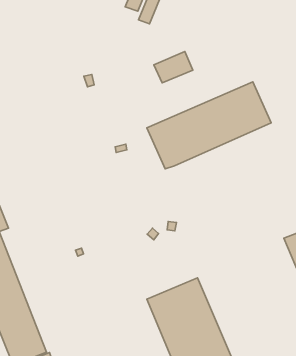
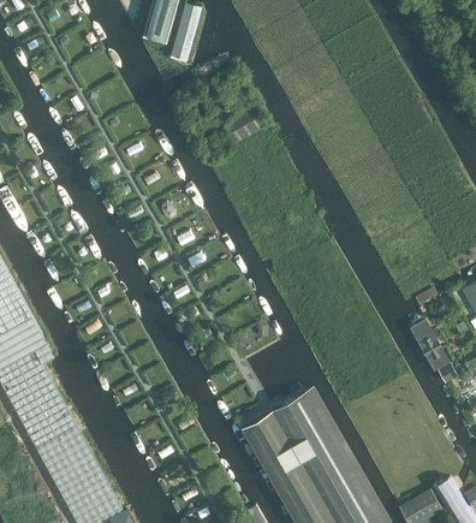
building: [147,82,271,169] -> none

